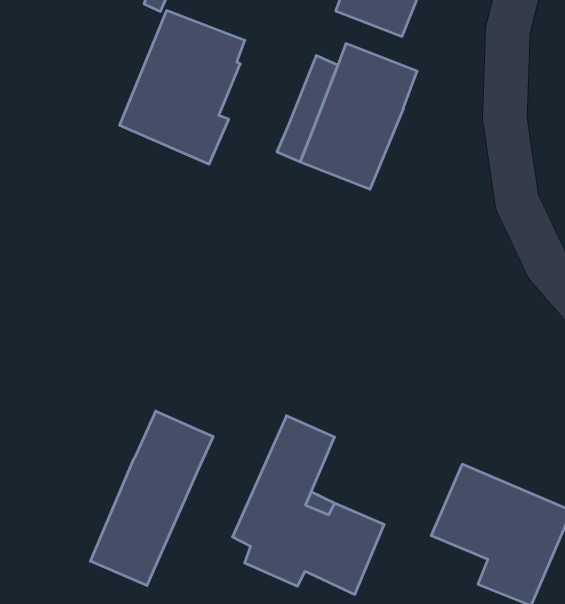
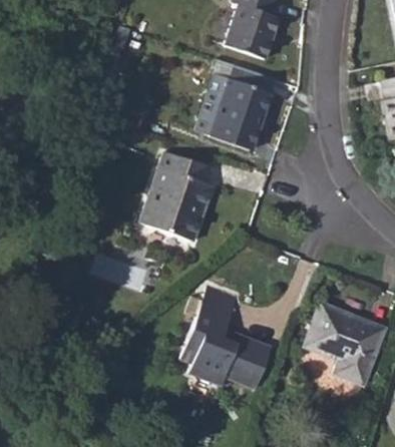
building: [120,11,245,164] -> [140,152,212,242]
building: [90,411,213,586] -> none

